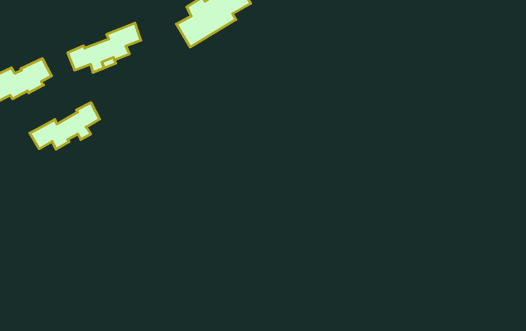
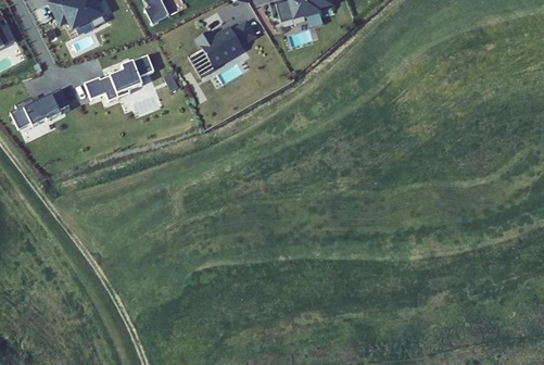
building: [30,103,100,149] -> none

